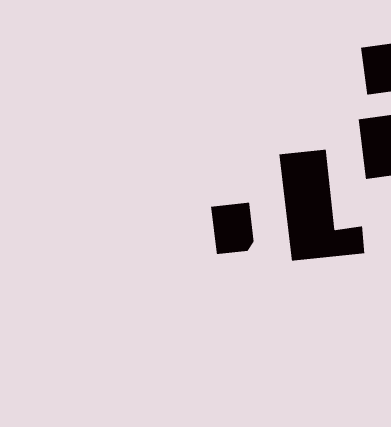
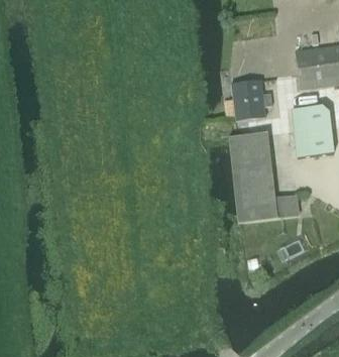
building: none -> [232,80,265,119]
building: [211,202,254,255] -> none

